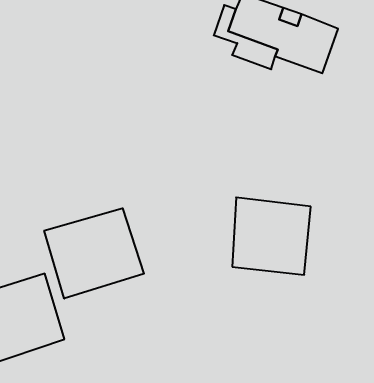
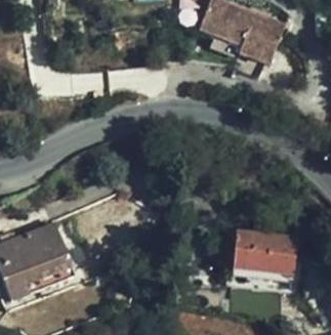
building: [232,197,311,275] -> [235,231,296,291]
building: [44,208,144,299] -> none

